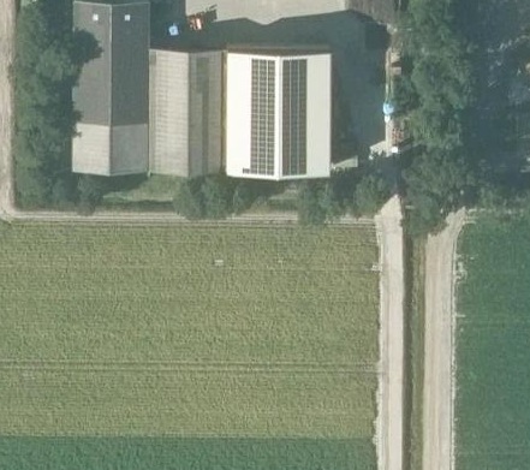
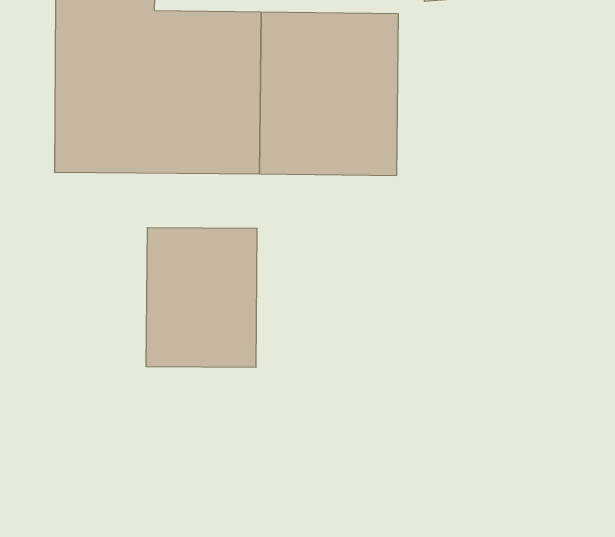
building: none -> [146,228,257,367]

